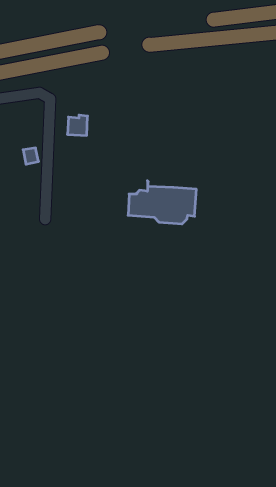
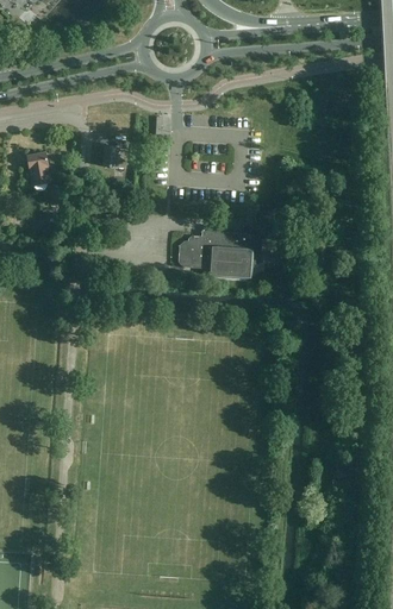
building: none -> [26,152,49,184]

